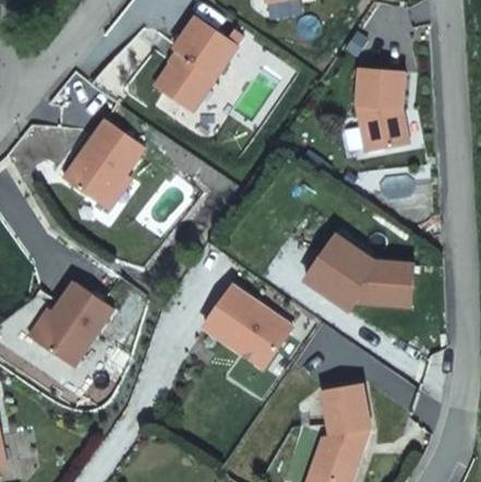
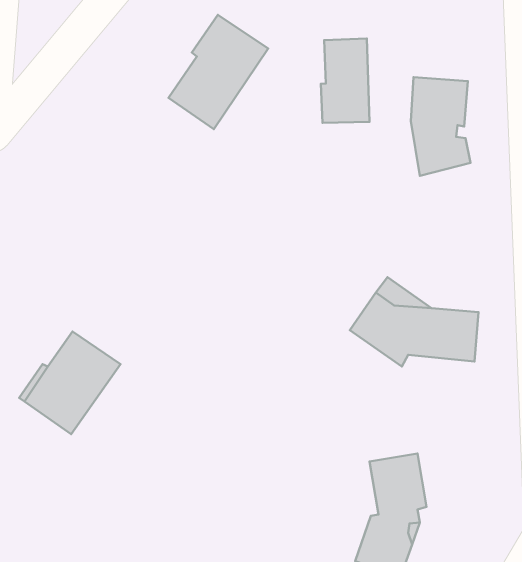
building: none -> [321,39,369,123]
building: [65,118,144,205] -> none
building: [203,286,291,369] -> none

